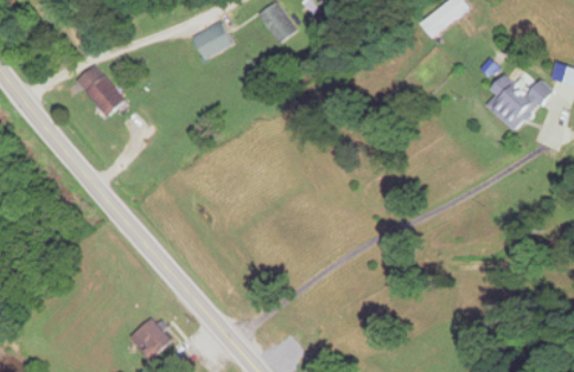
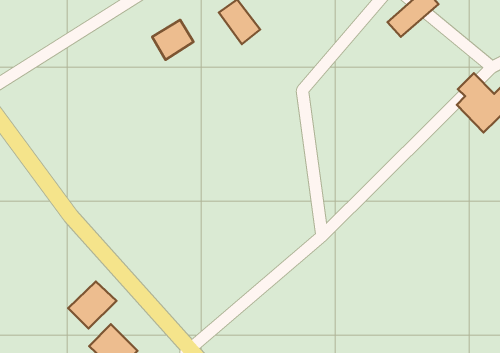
building: [77,64,126,118] -> none
building: none -> [68,281,117,329]

